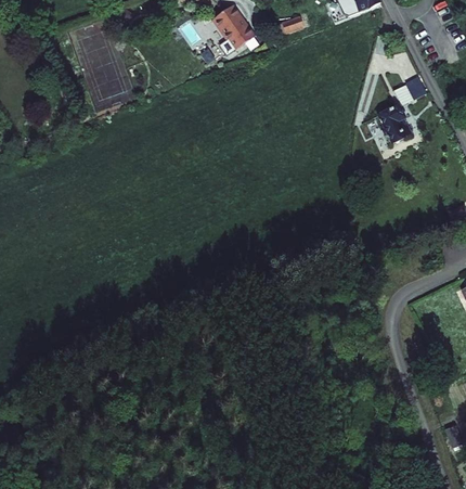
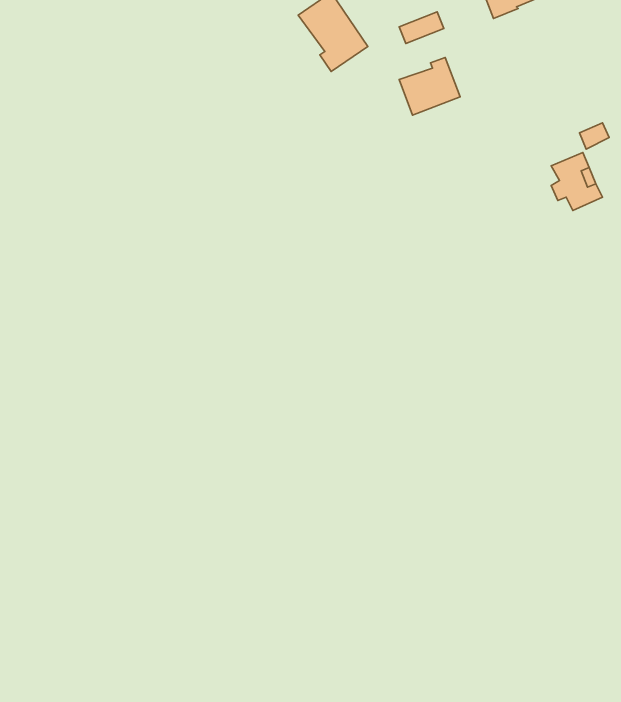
building: none -> [399,58,460,115]

